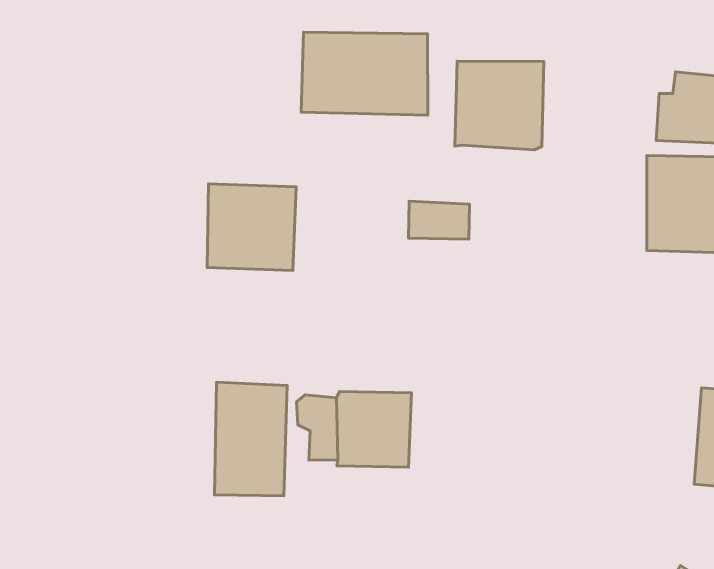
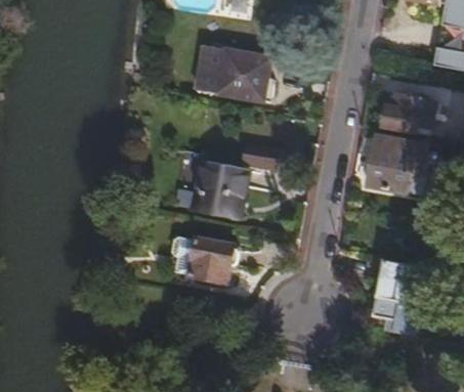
building: [455,61,544,150] -> none
building: [207,184,296,271] -> [196,163,249,215]
building: [214,382,287,496] -> none

